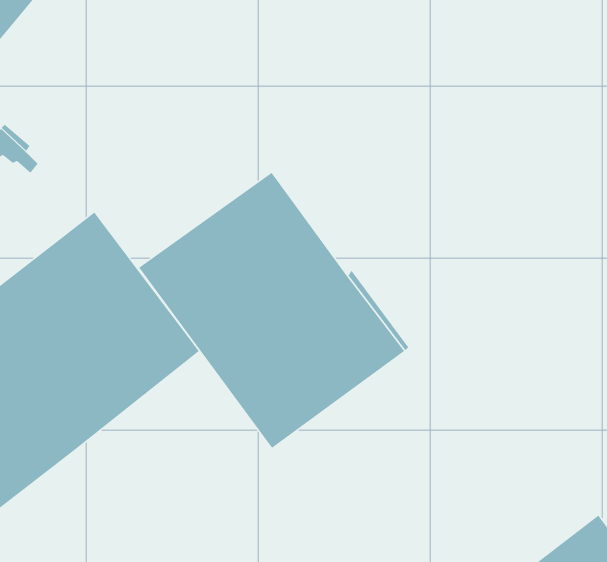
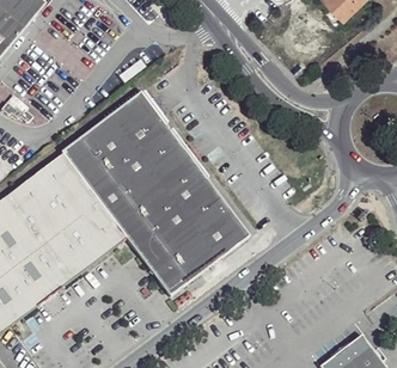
building: none -> [61,90,169,185]

